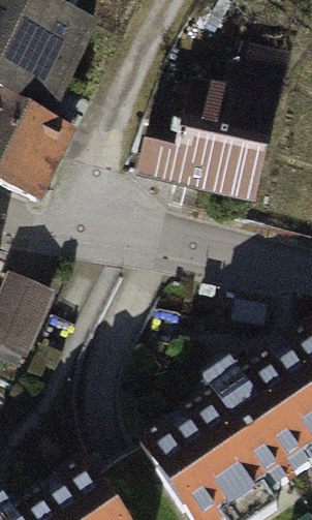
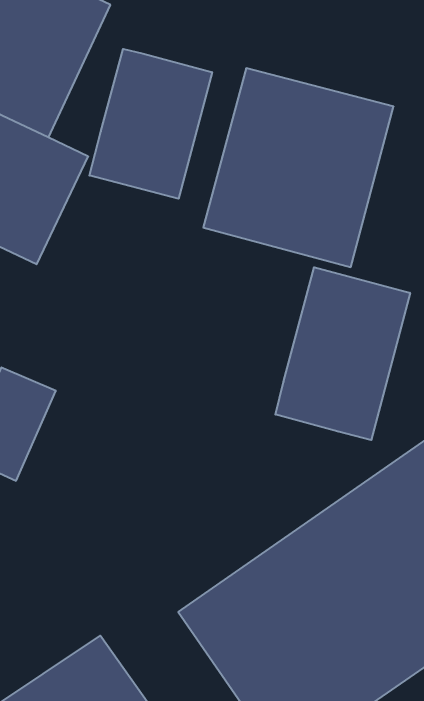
building: none -> [89,49,212,199]
building: none -> [275,267,410,440]

